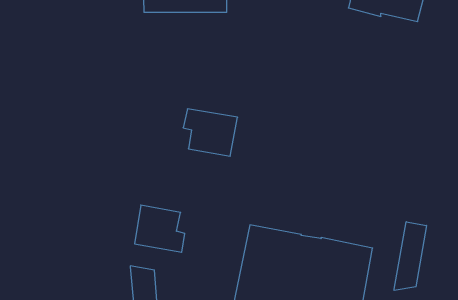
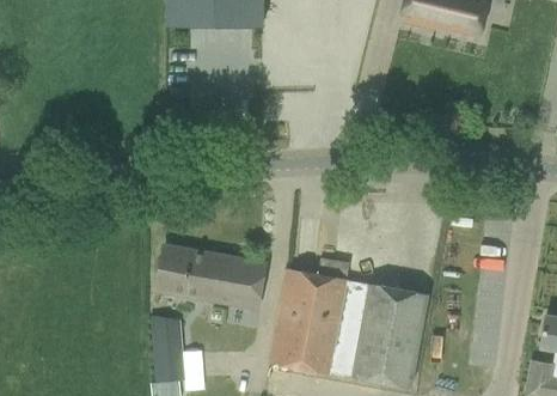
building: [183,109,238,156] -> [206,255,268,309]
building: [394,222,426,290] -> none

